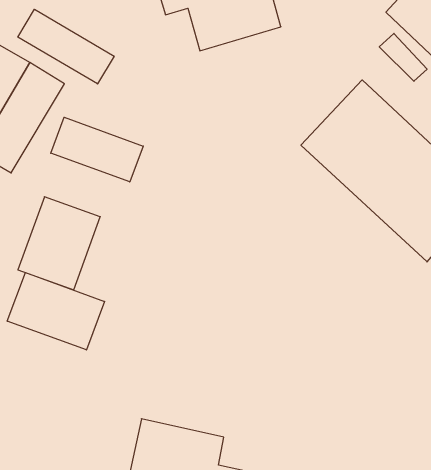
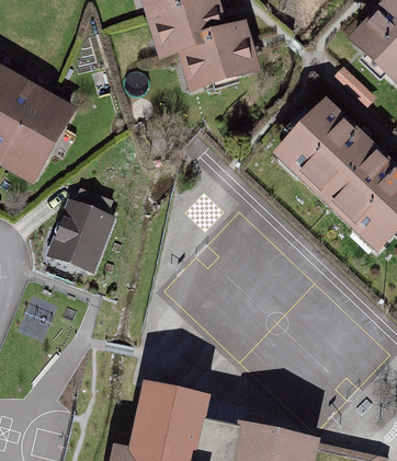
building: [18,9,114,84] -> none
building: [51,117,143,182] -> none
building: [7,273,105,350] -> none

